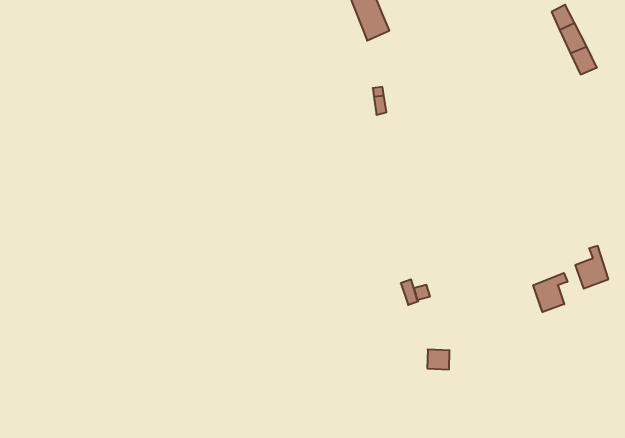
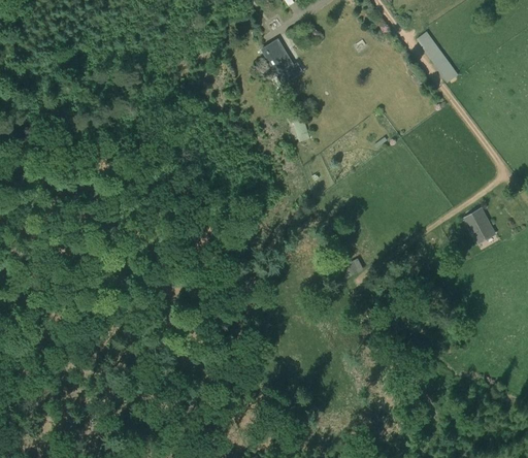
building: [533,273,567,312] -> none

